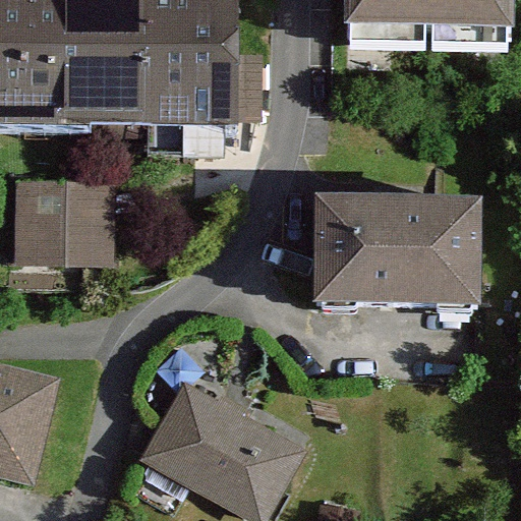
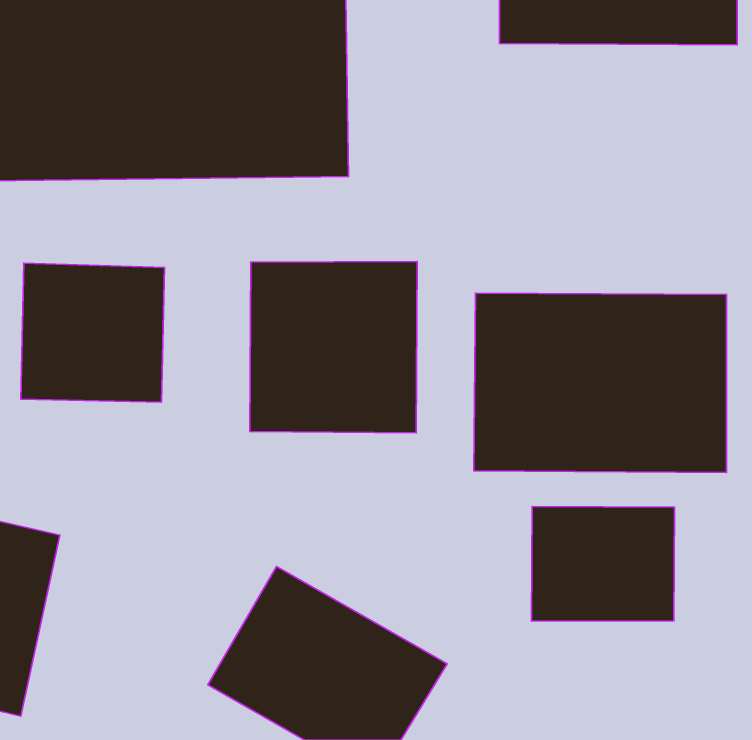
building: none -> [250,262,417,433]
building: none -> [532,506,675,621]

